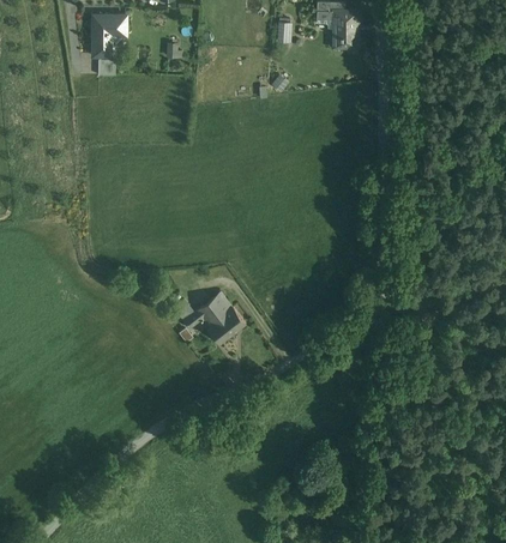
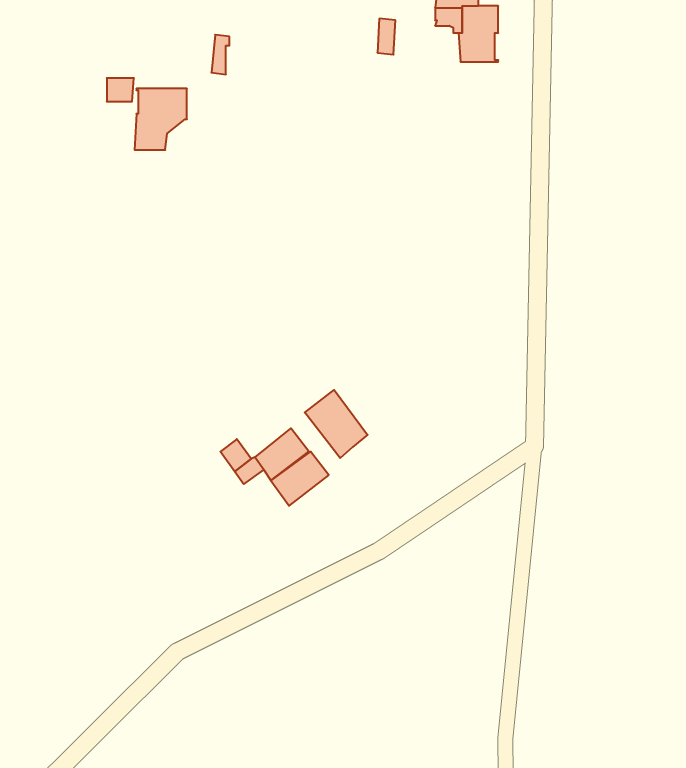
building: [90,14,125,55] -> [135,89,187,150]
building: none -> [305,390,368,458]

